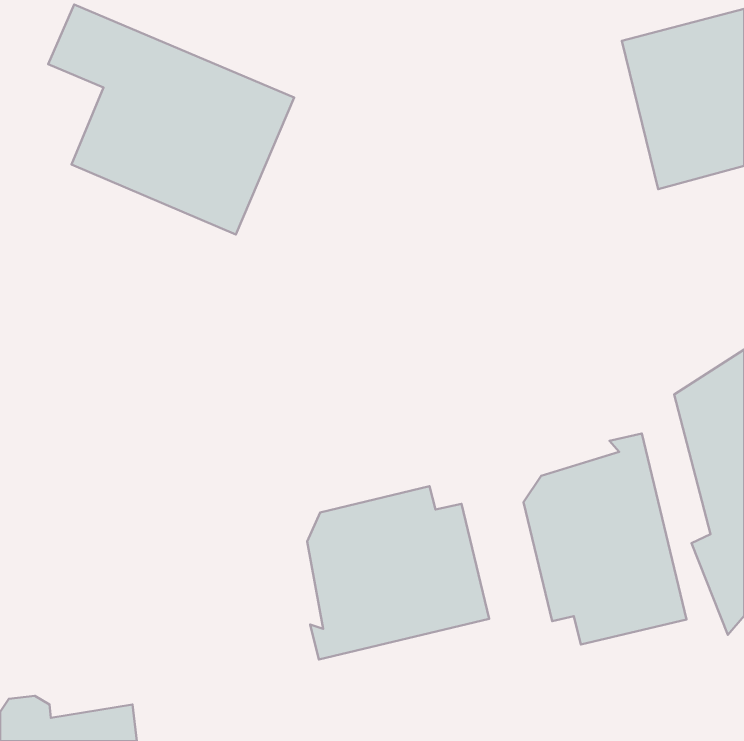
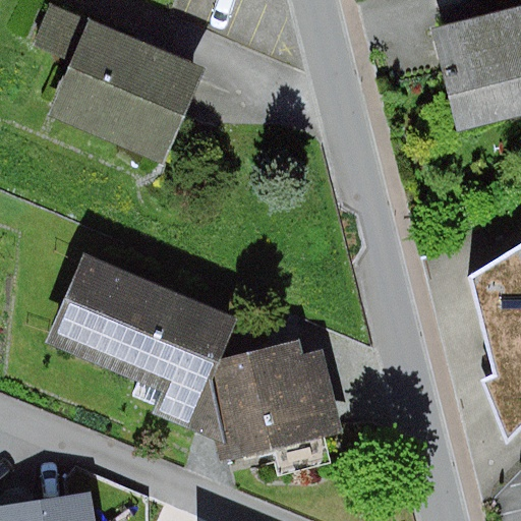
building: none -> [50,255,240,440]
building: [524,434,686,645] -> none

